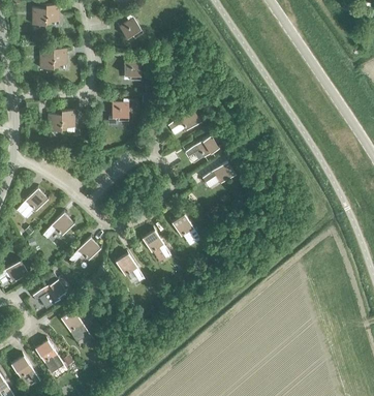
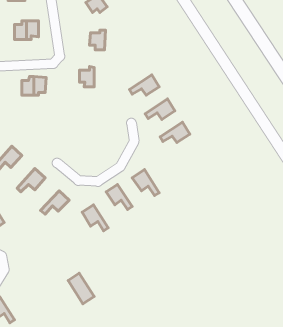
building: [33,272,66,306] -> none
building: [61,308,90,342] -> [68,273,94,304]
building: [35,339,65,373] -> none

